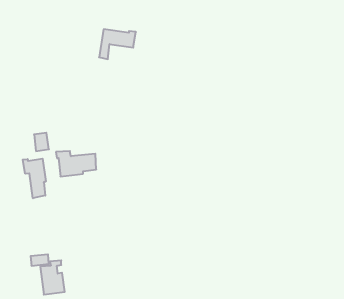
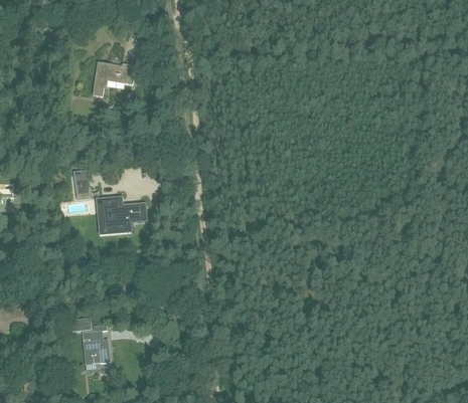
building: [99,29,136,59] -> [92,62,134,96]
building: [23,159,46,198] -> none

